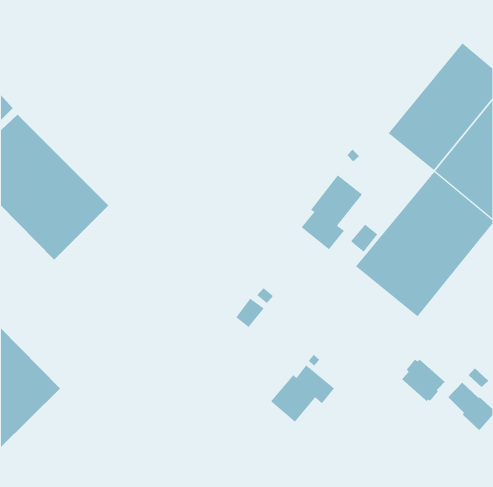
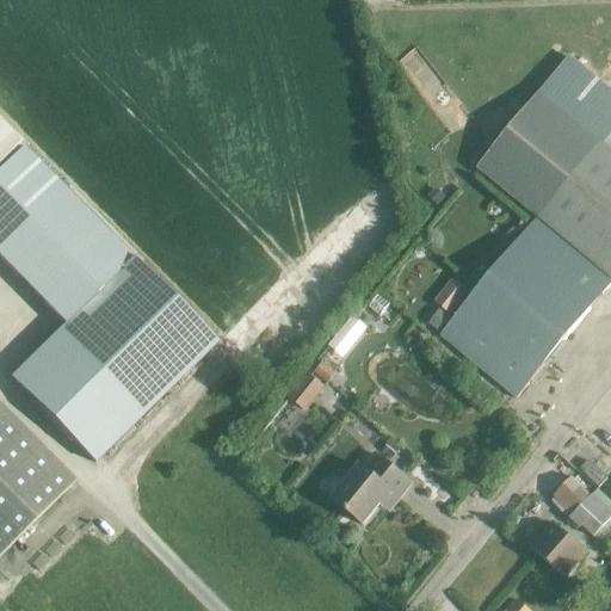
building: [301,175,363,250] -> none
building: none -> [13,255,218,459]
building: [401,359,445,402] -> [531,519,586,573]

